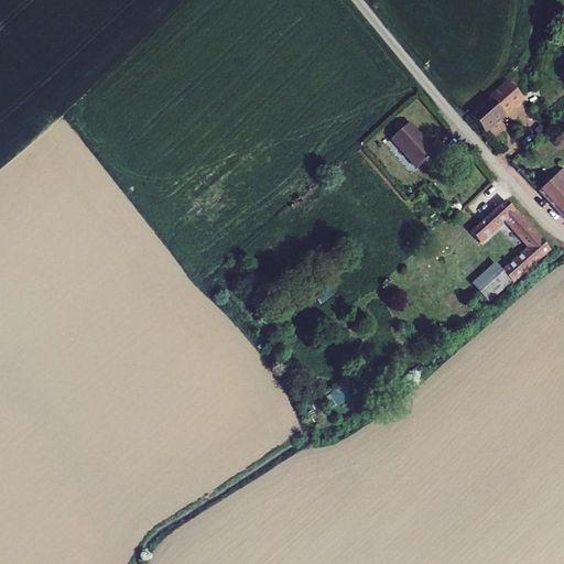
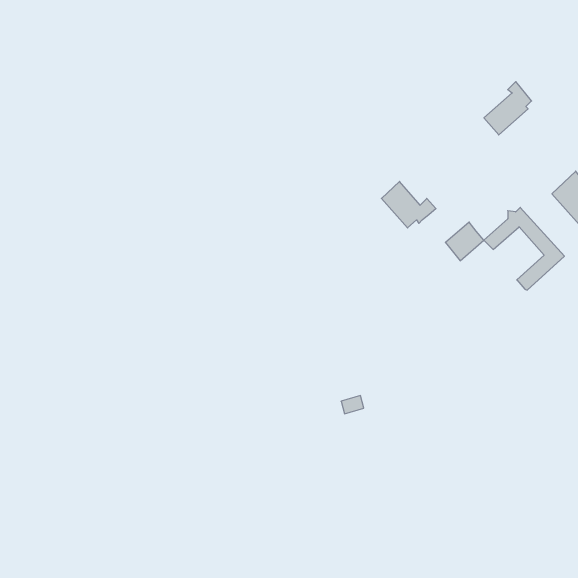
building: [392,122,445,167] -> [381,181,436,228]
building: [474,263,511,301] -> [445,222,484,261]

